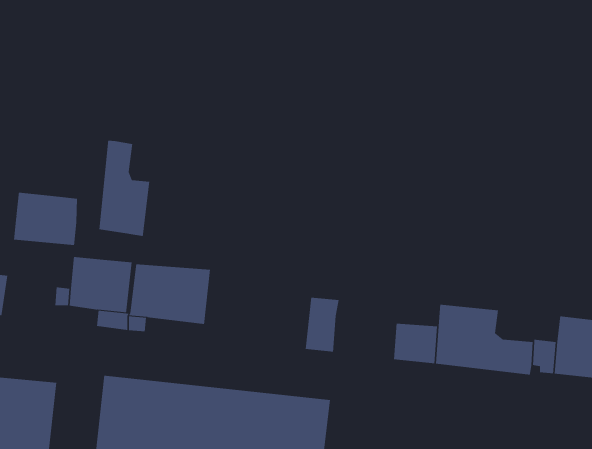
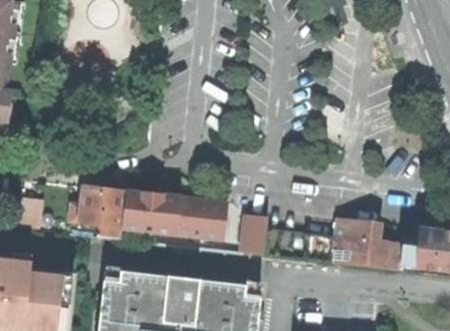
building: [99,140,150,237] -> none
building: [14,192,78,246] -> none
building: none -> [174,196,226,239]

